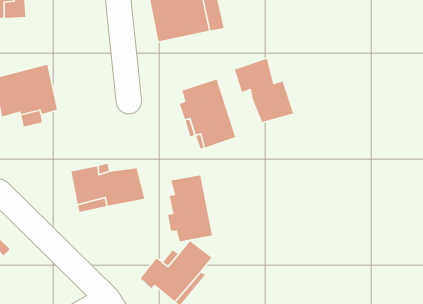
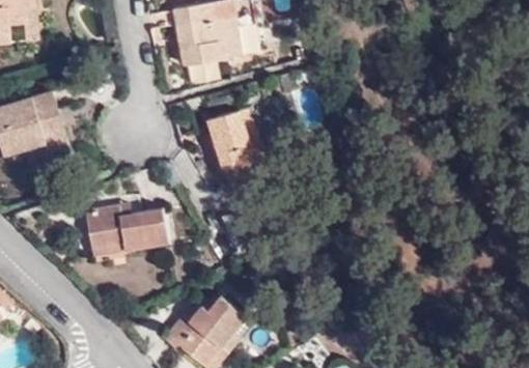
building: [234,58,294,123] -> none
building: [167,175,213,242] -> none

